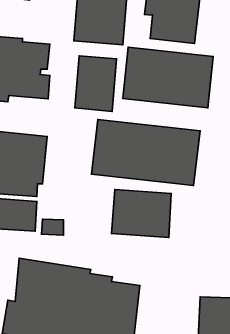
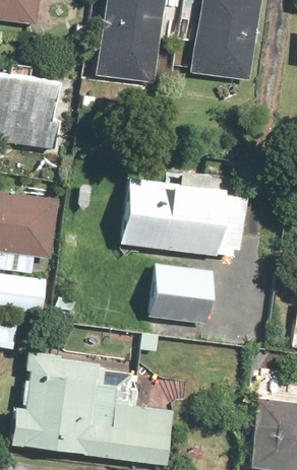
building: [123,47,213,108] -> none
building: [75,56,116,112] -> none

